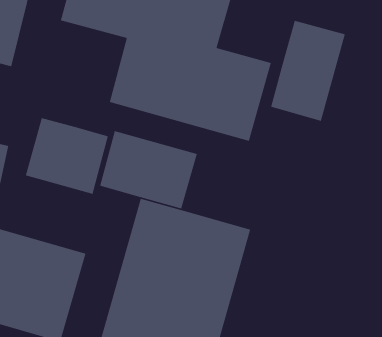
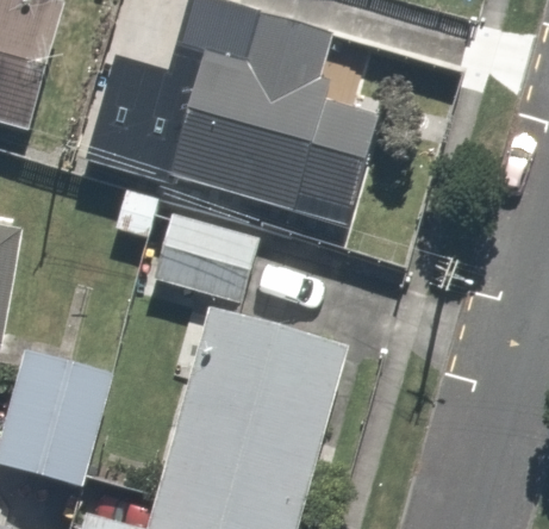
building: [270,20,346,122] -> none
building: [25,117,109,195] -> none

